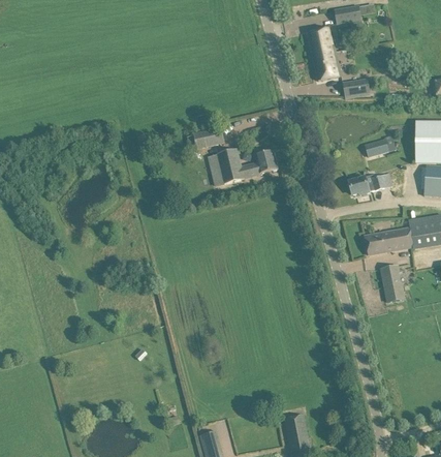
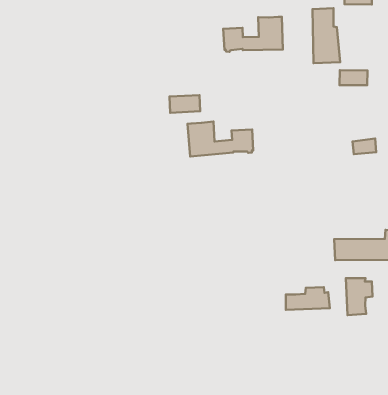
building: none -> [223,17,283,52]
building: [348,174,385,194] -> none
building: none -> [286,287,330,310]

